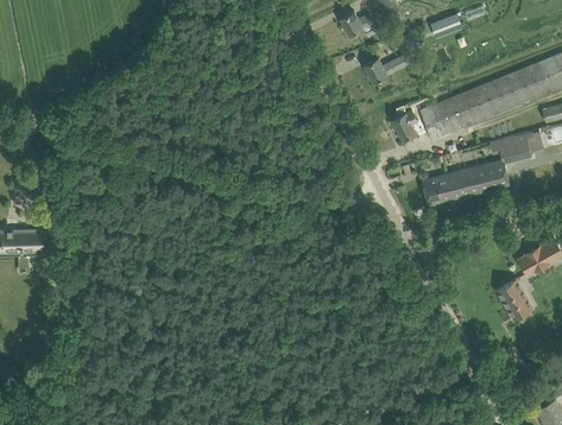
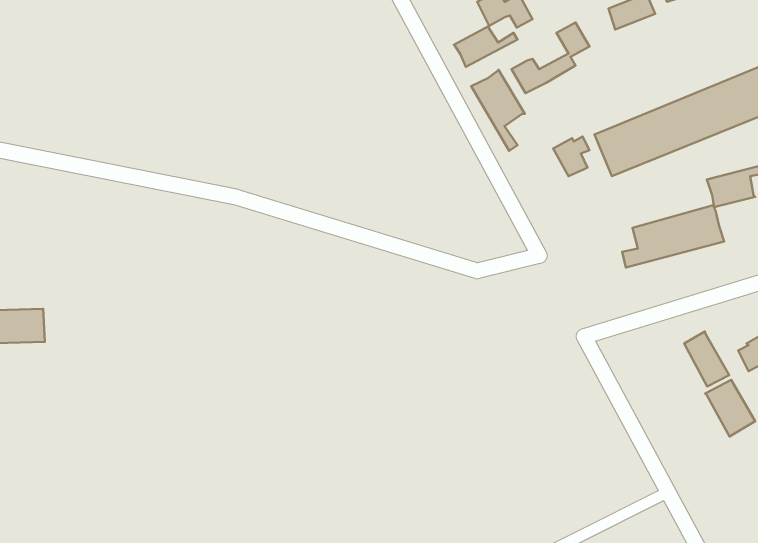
building: none -> [454,26,518,67]
building: none -> [471,70,525,151]
building: [423,173,450,204] -> none
building: none -> [684,331,729,386]

